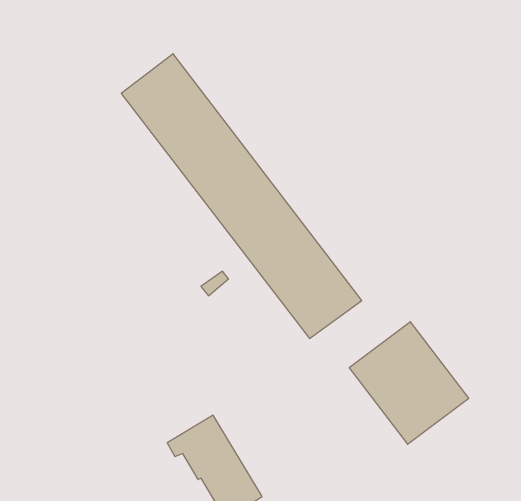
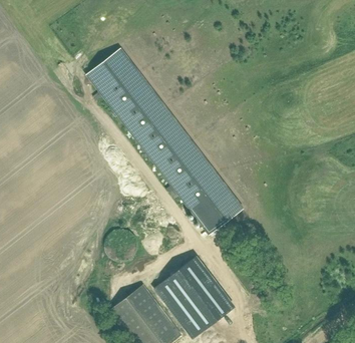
building: [349,322,469,444] -> [154,257,233,337]

